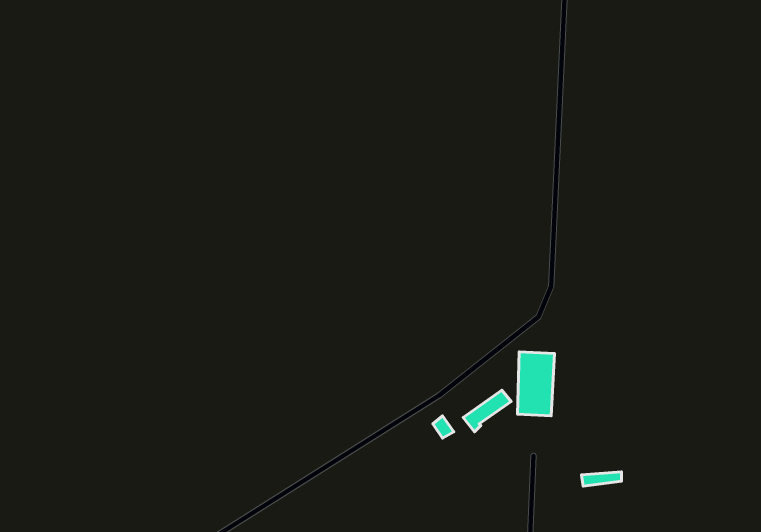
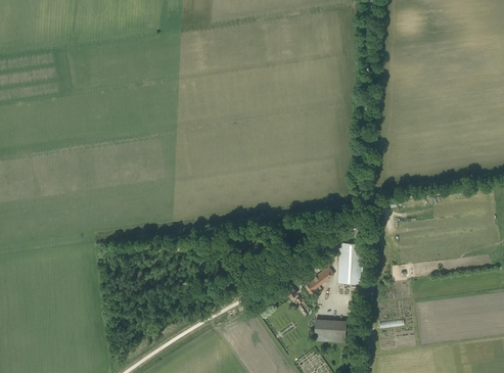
building: none -> [314,321,346,340]

